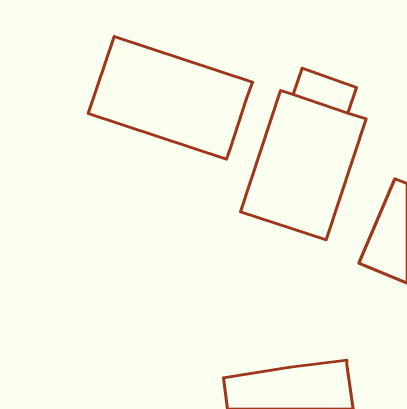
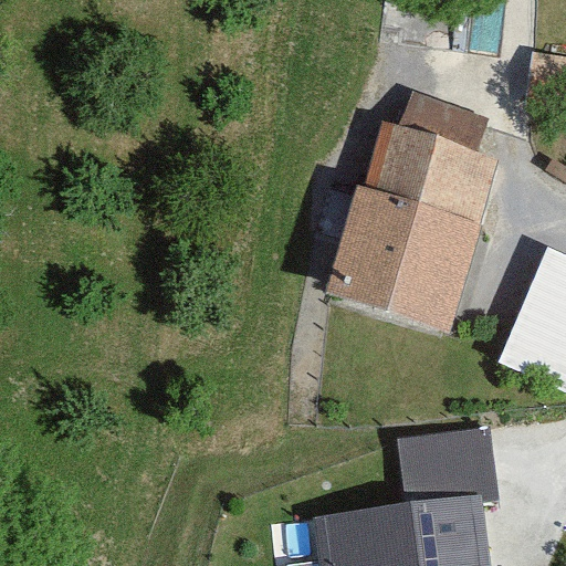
building: [88,36,252,159] -> none
building: none -> [391,427,496,506]

